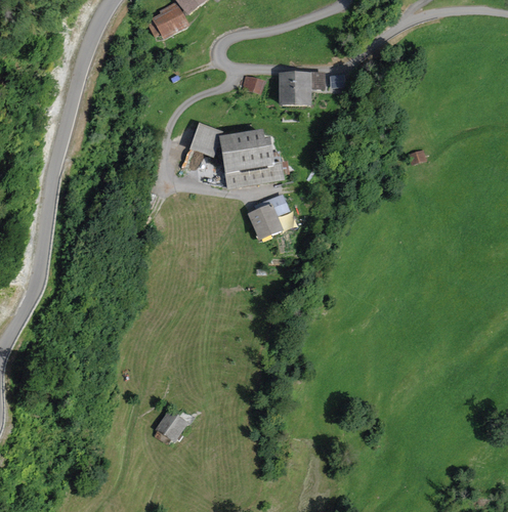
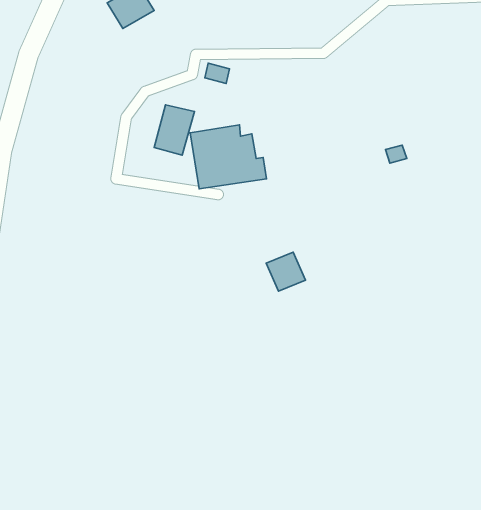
building: [269,70,318,105] -> none
building: [250,204,286,240] -> [266,252,305,291]
building: [151,407,187,443] -> none

